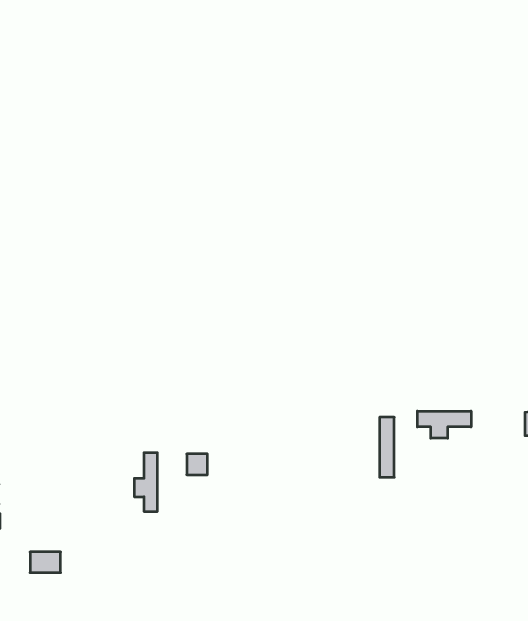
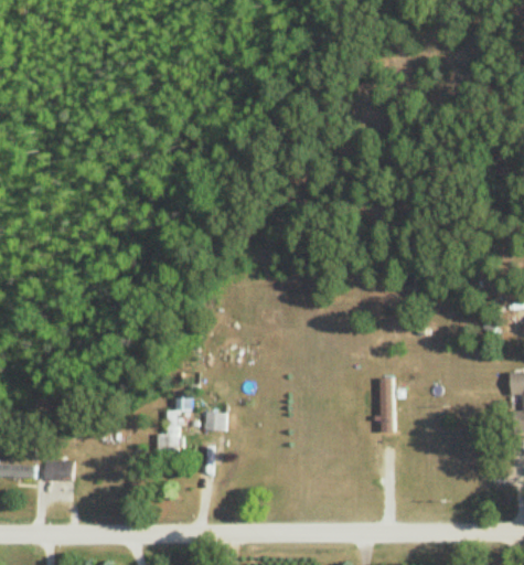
building: [417,411,471,438] -> none
building: [30,552,61,573] -> [45,460,73,479]

